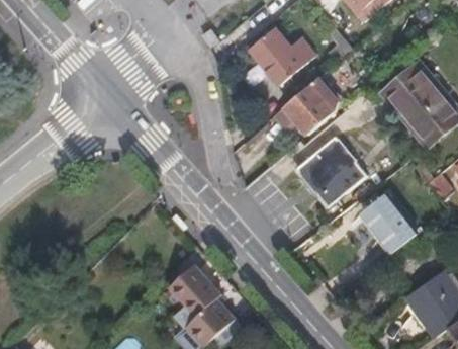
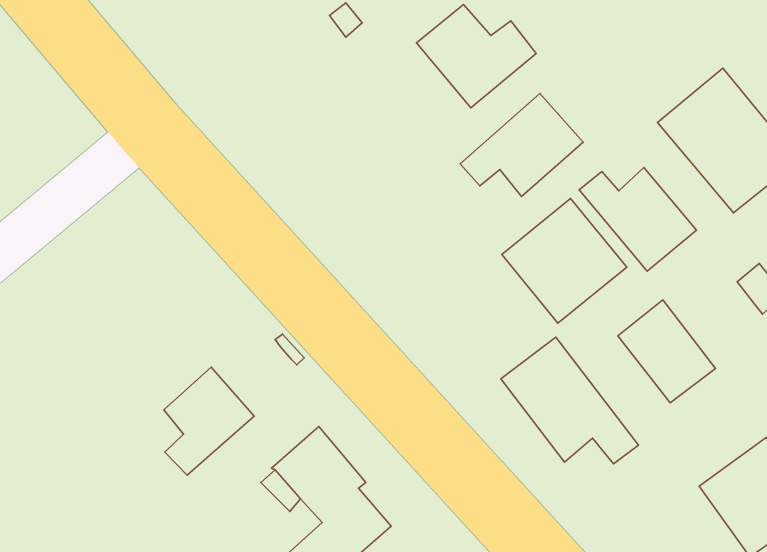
building: none -> [579,167,696,271]
building: none -> [501,337,639,464]
building: none -> [164,367,254,475]

